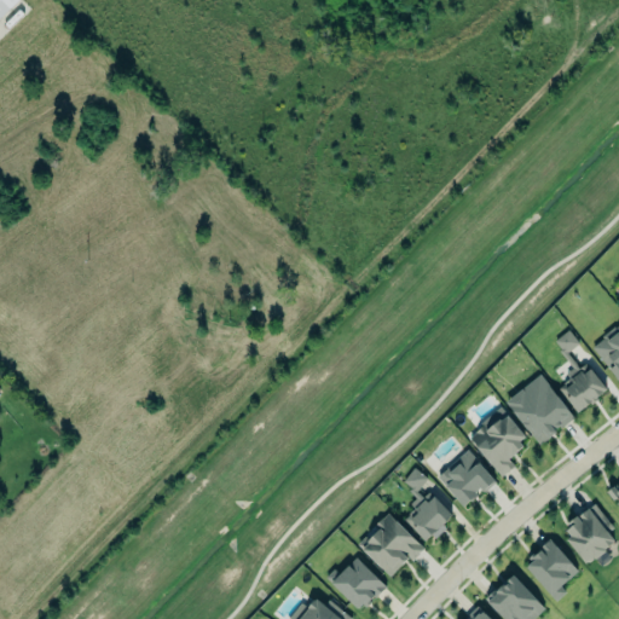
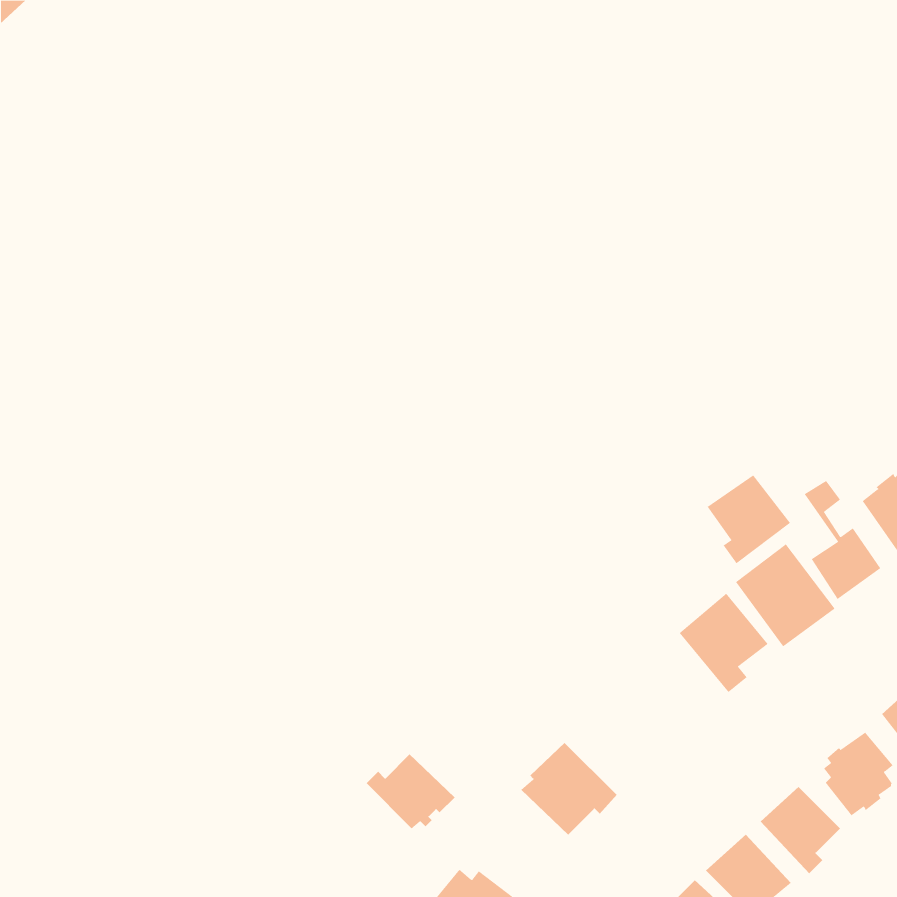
building: none -> [707,474,791,564]
building: [439,450,497,507] -> none
building: [403,469,456,544] -> none
building: [326,556,388,608] -> [366,753,455,829]

